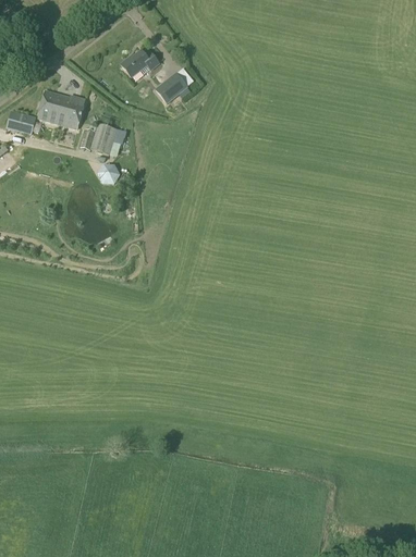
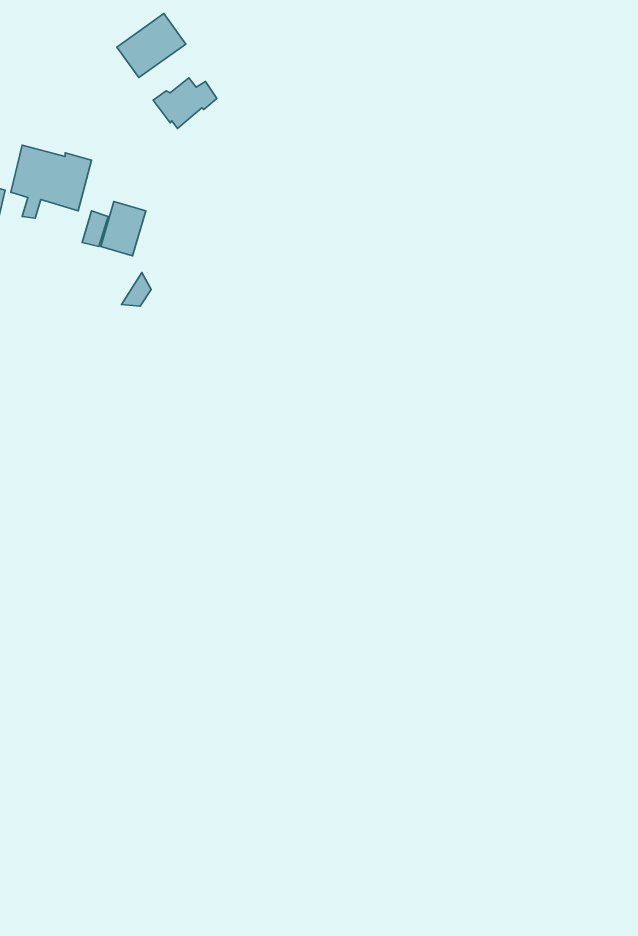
building: none -> [117,14,186,78]
building: [156,72,188,103] -> none

